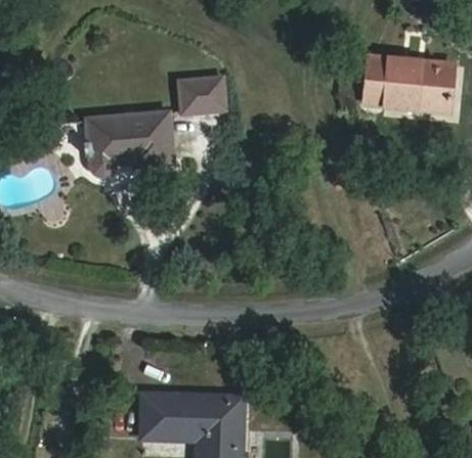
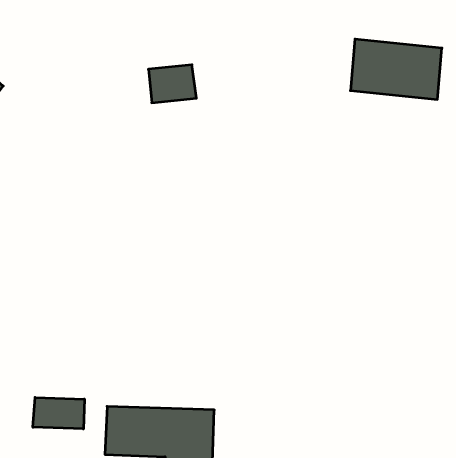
building: [88,112,172,176] -> none
building: none -> [33,397,84,429]

